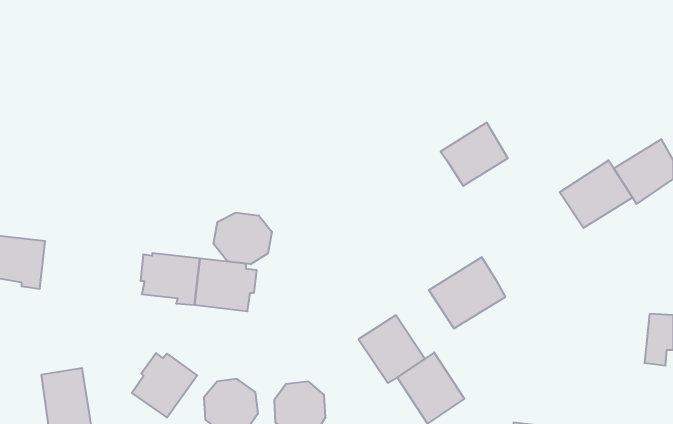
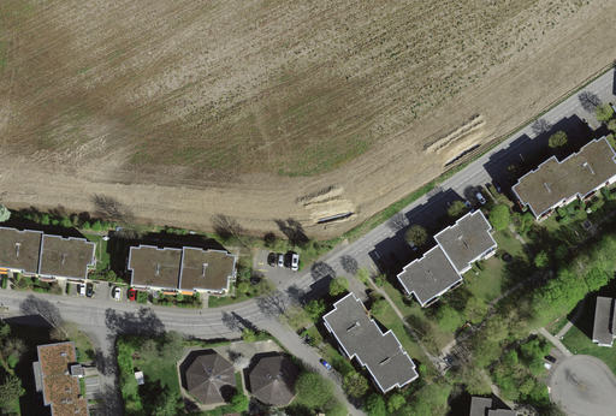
building: [441,122,508,186] -> [433,210,494,268]
building: [213,213,272,264] -> none
building: none -> [37,231,93,279]
building: [132,353,197,418] -> none

